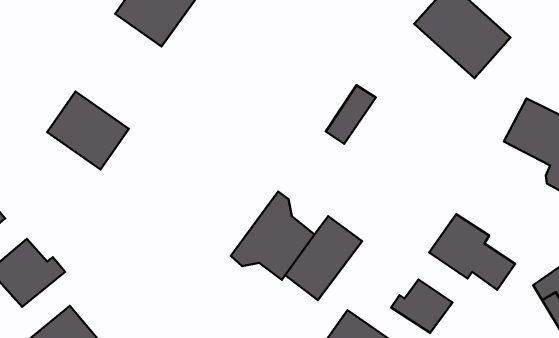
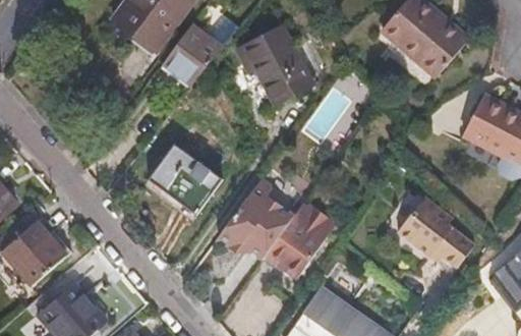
building: none -> [162,18,238,85]
building: none -> [236,26,312,105]
building: [47,91,129,169] -> [148,144,221,214]
building: [391,280,452,333] -> none

